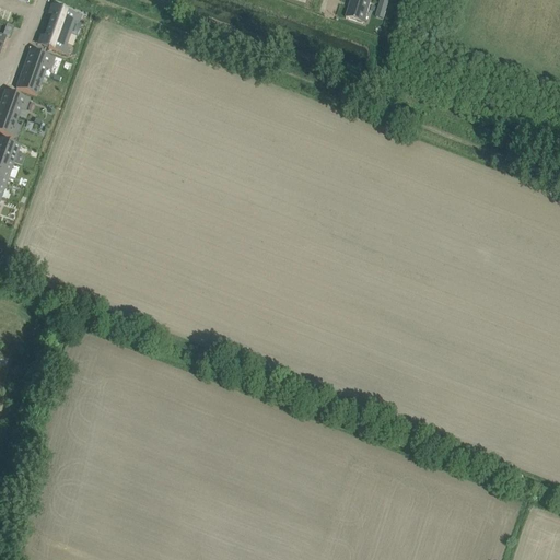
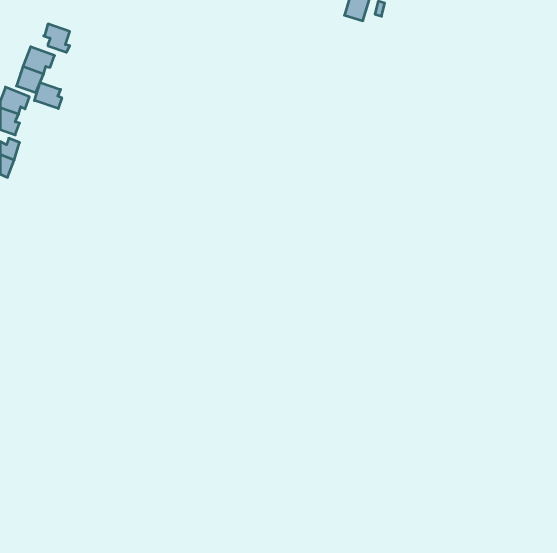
building: [48,7,81,32] -> none
building: none -> [34,83,62,109]

